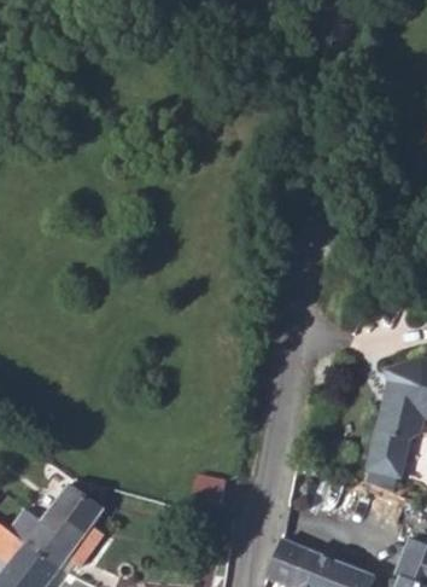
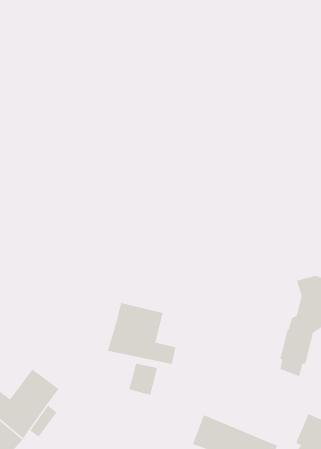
building: none -> [107,302,176,365]

